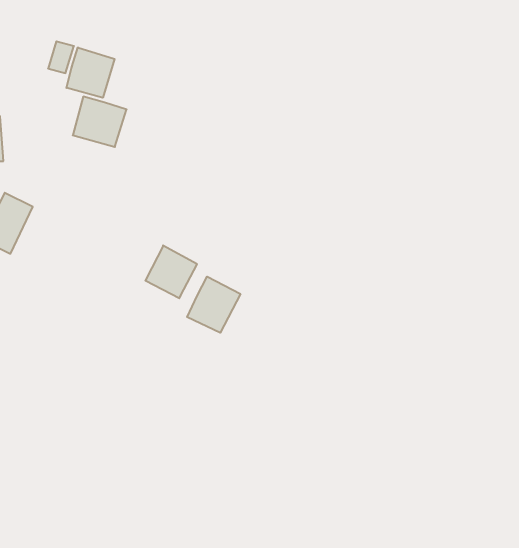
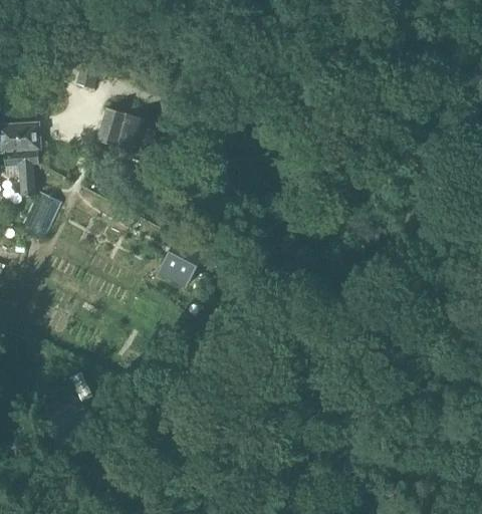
building: [66,47,115,98] -> none
building: [187,277,240,333] -> none

